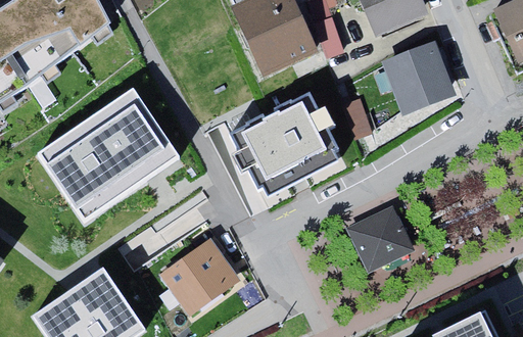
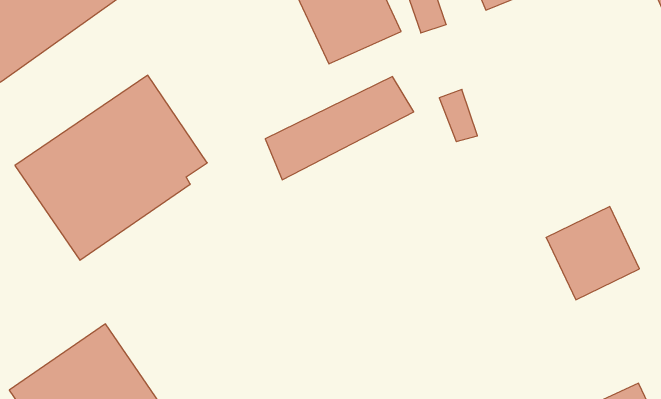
building: [385,45,458,115] -> none
building: [230,112,341,194] -> none
building: [346,201,414,269] -> [546,207,639,300]
building: [165,243,237,312] -> none

